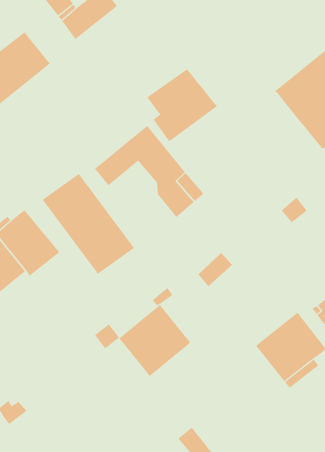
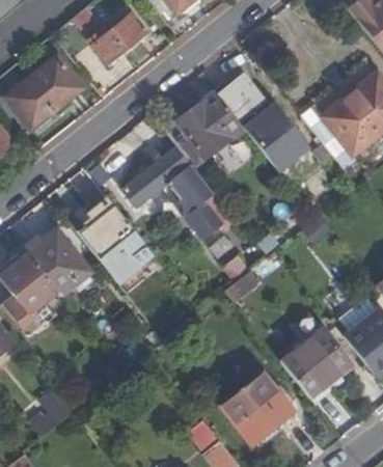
building: none -> [219,75,265,120]
building: none -> [244,102,310,170]
building: [119,304,191,377] -> [222,372,293,442]

